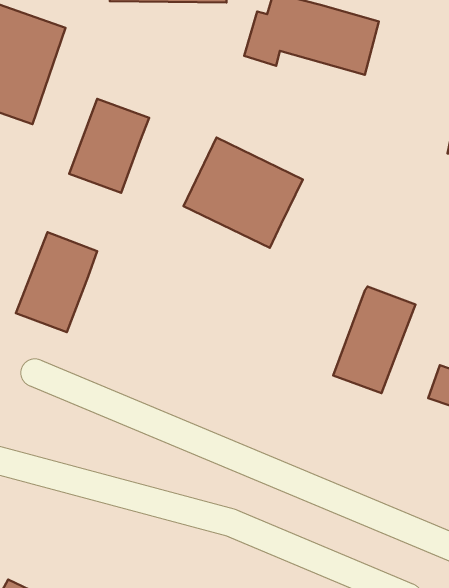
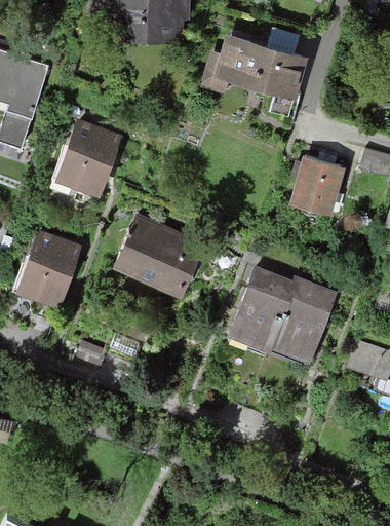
building: [184,138,303,248] -> [112,215,208,304]
building: none -> [291,157,343,214]
building: none -> [228,263,297,352]

